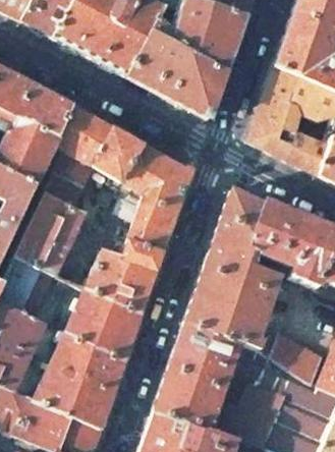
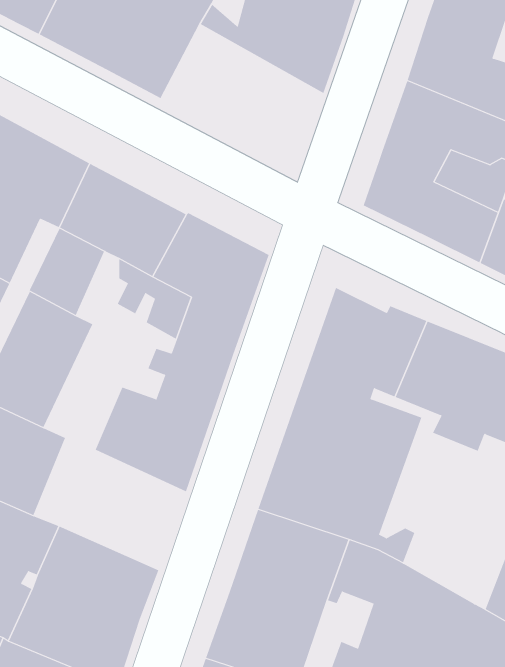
building: [127,30,225,117] -> none
building: [66,285,143,357] -> none
building: [273,331,325,378] -> none

